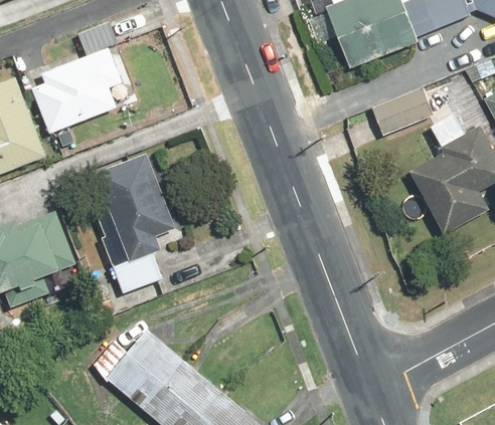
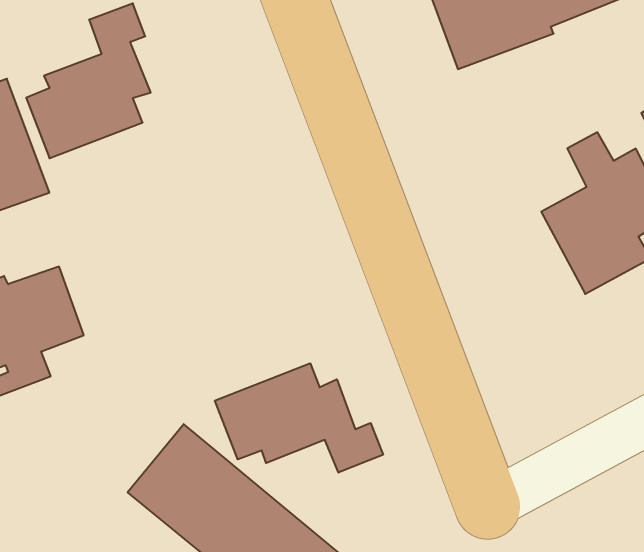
building: [371,88,434,135] -> none
building: [95,154,175,294] -> none
building: none -> [215,363,383,473]

